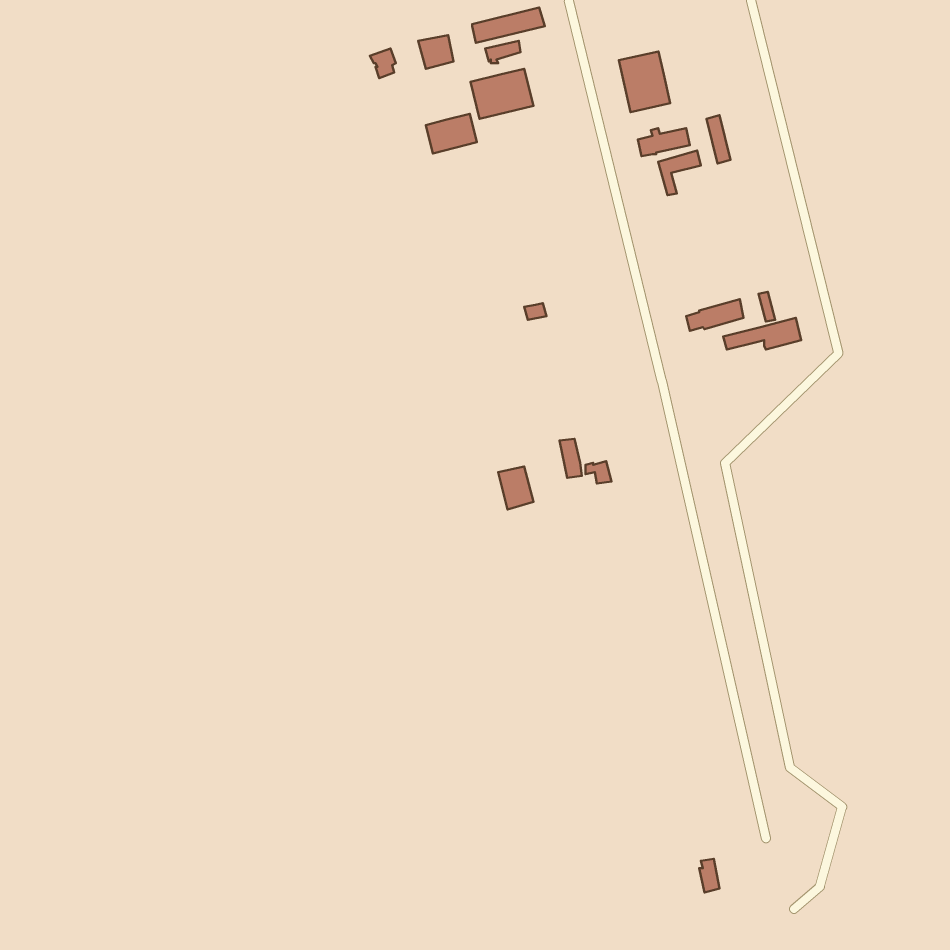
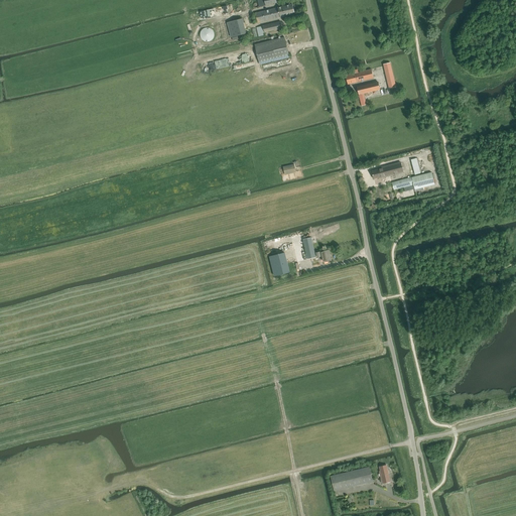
building: [619,51,670,112] -> none
building: [426,114,477,153] -> none
building: none -> [331,467,373,491]

